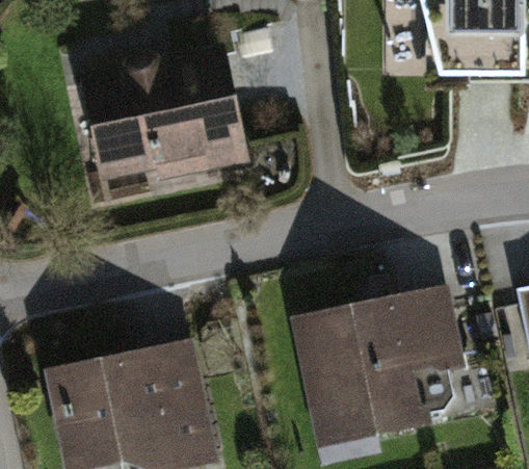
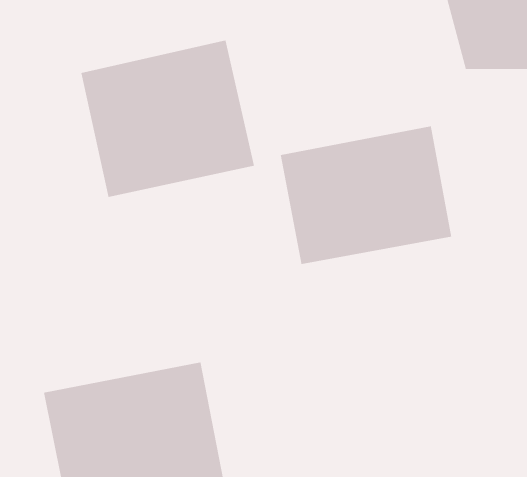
building: none -> [280,125,452,265]
building: [298,288,459,446] -> none

